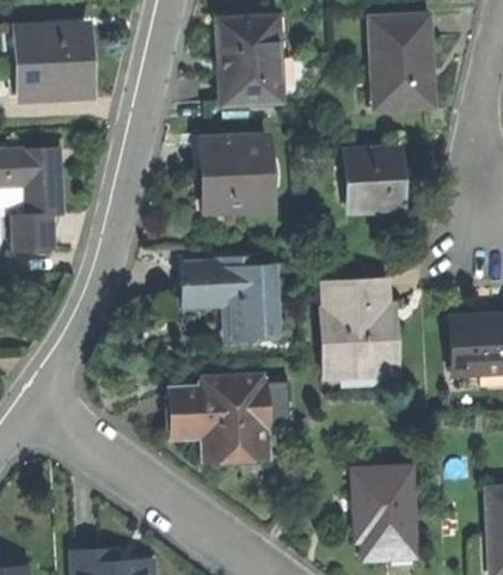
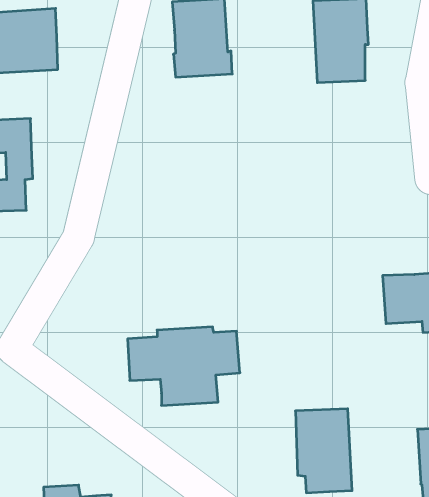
building: [200,136,271,212] -> none
building: [344,149,399,212] -> none
building: [180,255,274,340] -> none
building: [319,280,392,373] -> none

